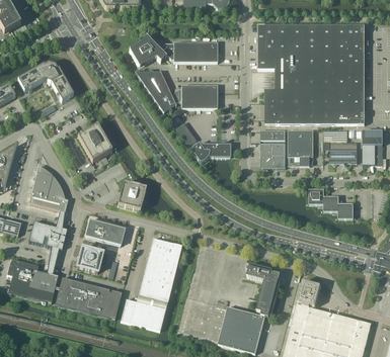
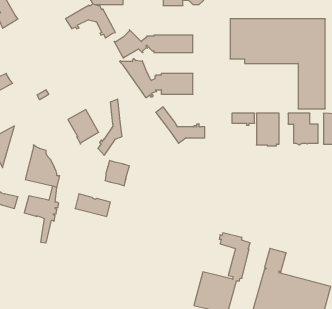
building: [17,64,73,101] -> [66,4,115,38]
building: [264,74,334,124] -> none
building: none -> [98,99,122,155]
building: [260,141,286,168] -> none
building: [309,189,353,217] -> none
building: [121,238,182,331] -> none
building: [77,247,103,272] -> none
building: [7,259,58,302] -> none
building: [55,277,122,319] -> none

